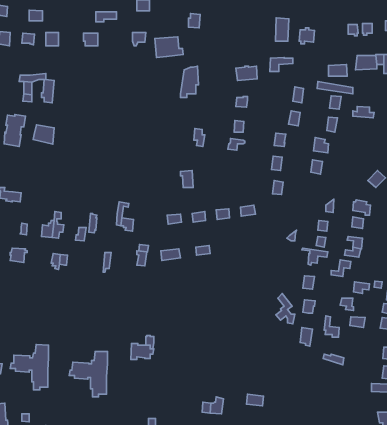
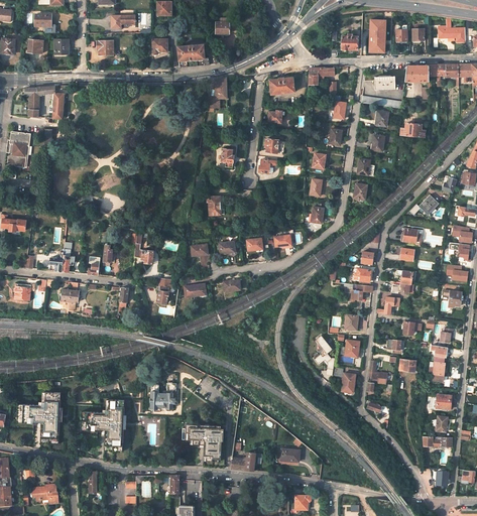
building: [275,18,289,41] -> [369,22,384,48]
building: [33,125,54,144] -> none
building: none -> [186,424,224,461]

